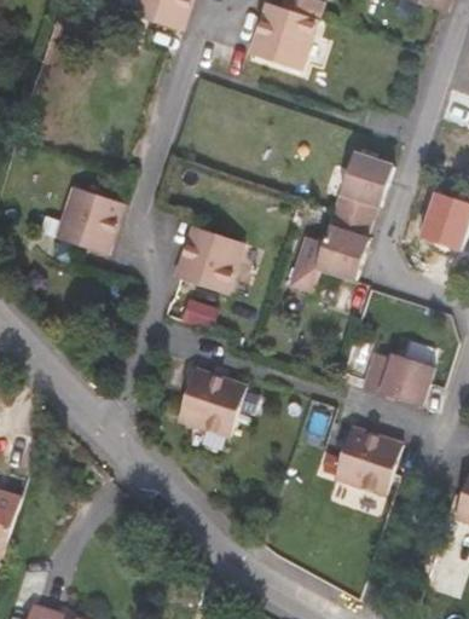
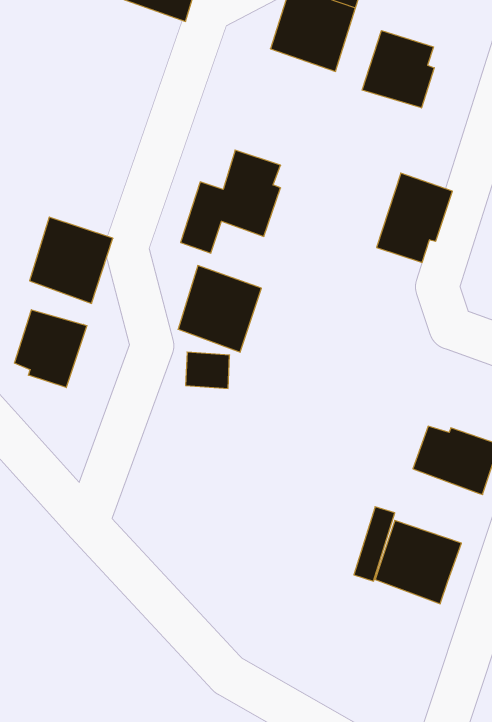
building: none -> [362,31,434,108]
building: [290,209,370,291] -> [181,150,281,253]
building: none -> [15,310,87,388]
building: [179,369,247,435] -> none

